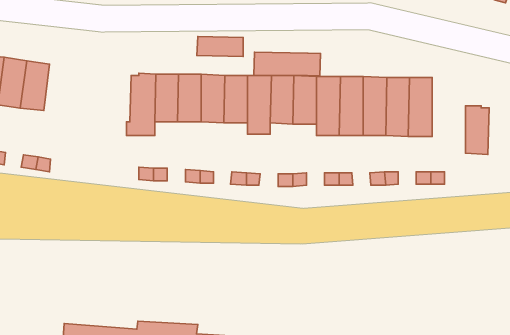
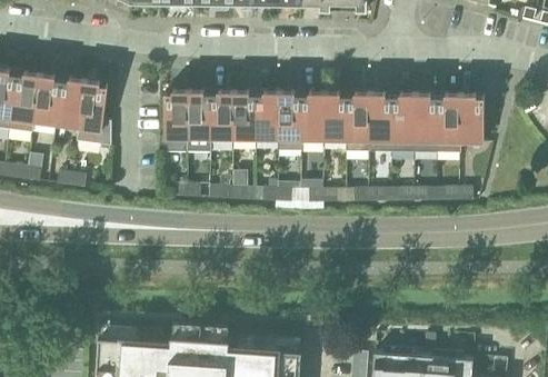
building: [197,36,243,57] -> none
building: [254,52,320,76] -> none
building: none -> [77,82,111,146]
building: [465,106,489,154] -> [460,96,484,143]

